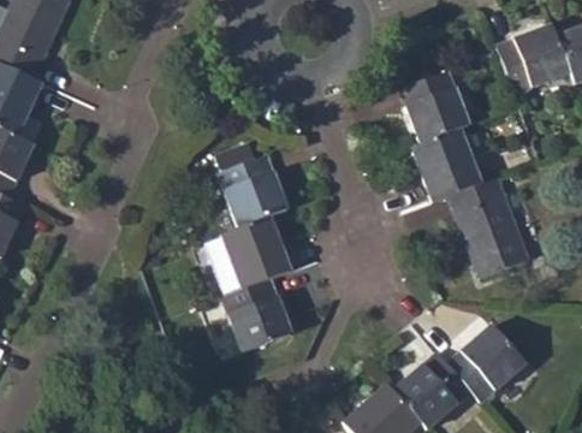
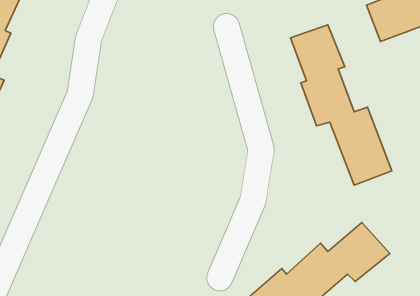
building: [210,154,291,350] -> none

